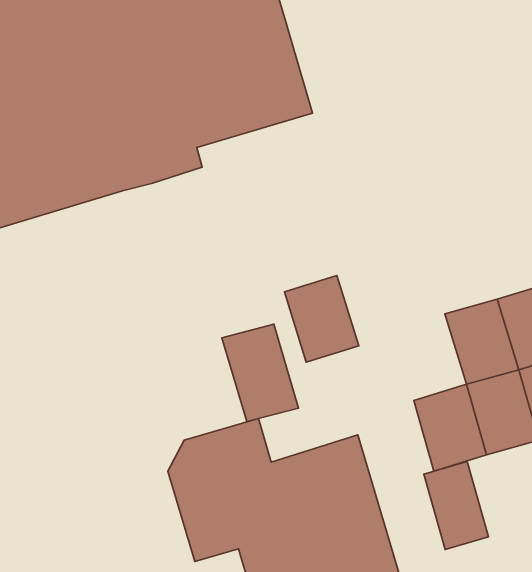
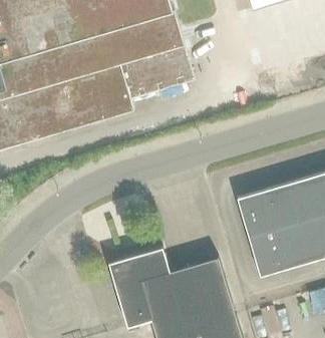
building: [284,275,359,362] -> [237,191,278,239]
building: [222,324,299,422] -> none
building: [424,461,488,550] -> none

